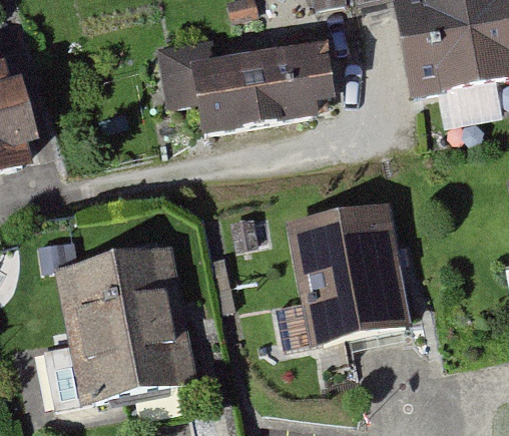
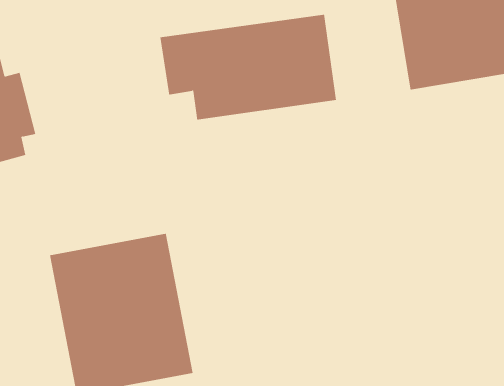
building: [288,202,408,344] -> none

